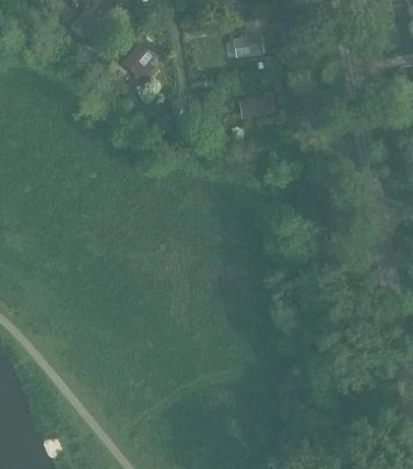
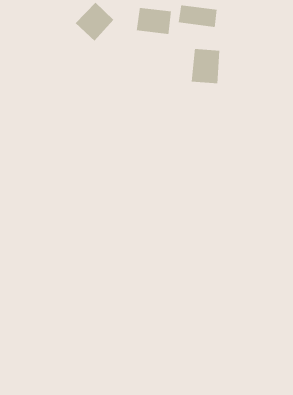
building: none -> [136,7,171,35]

